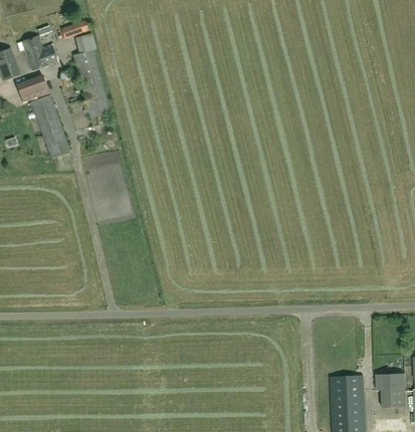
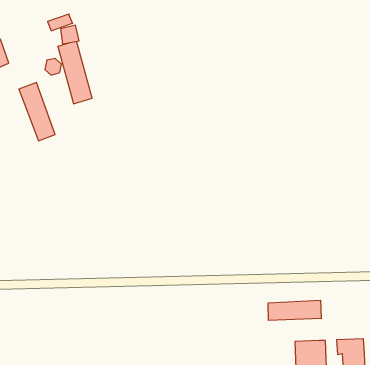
building: [22,35,59,70] -> none
building: [16,74,49,102] -> none
building: none -> [268,300,321,320]

